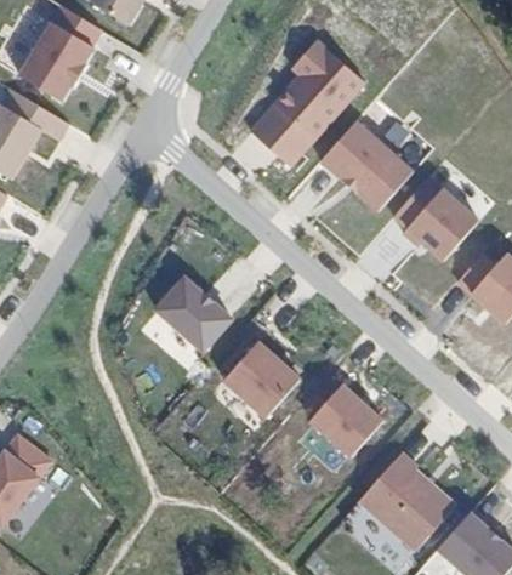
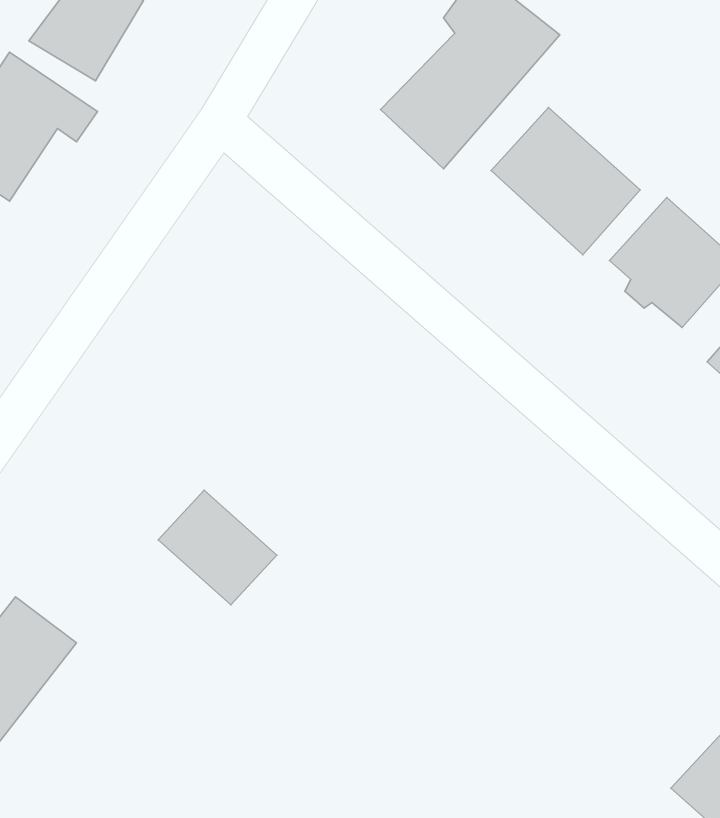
building: [154,279,229,352] -> [158,490,277,605]
building: [223,345,296,417] -> none
building: [313,387,381,455] -> none
building: [360,452,455,550] -> none

